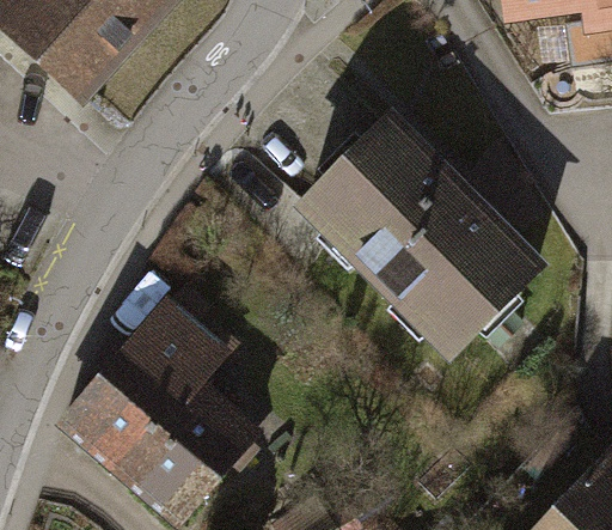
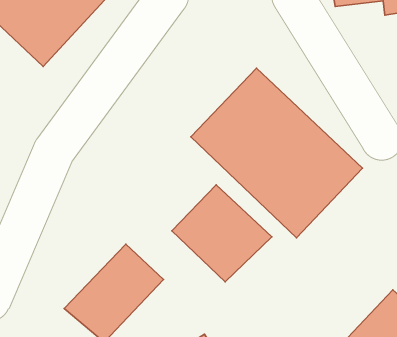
building: none -> [172,185,272,282]
building: [49,298,230,468] -> none

